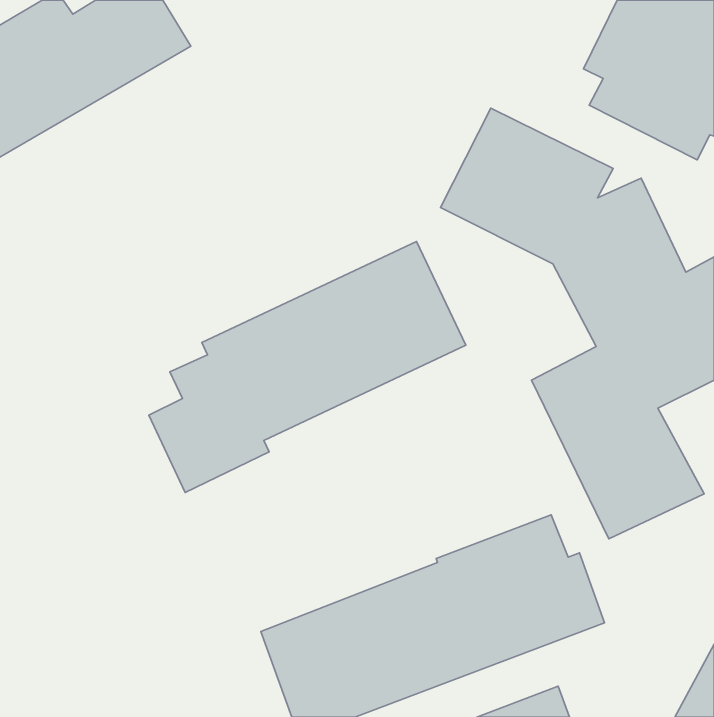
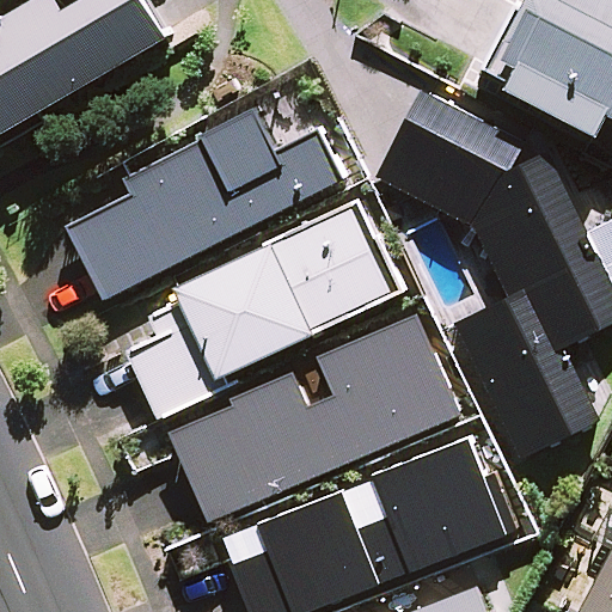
building: none -> [68,112,344,300]
building: none -> [170,314,460,522]

